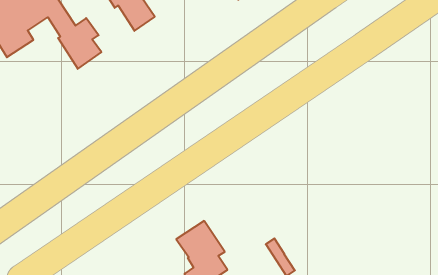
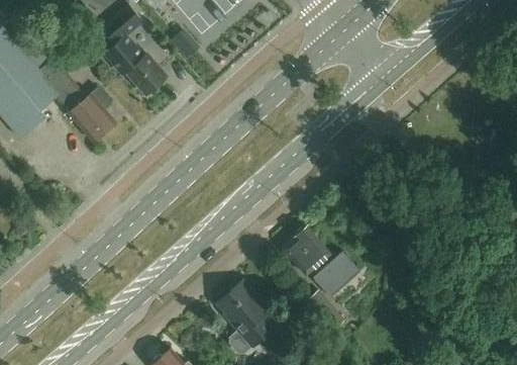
building: none -> [284,226,360,297]

